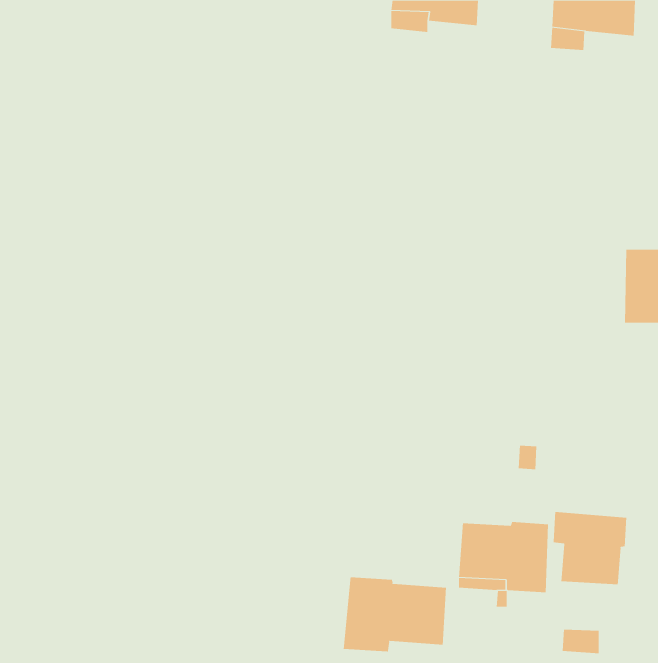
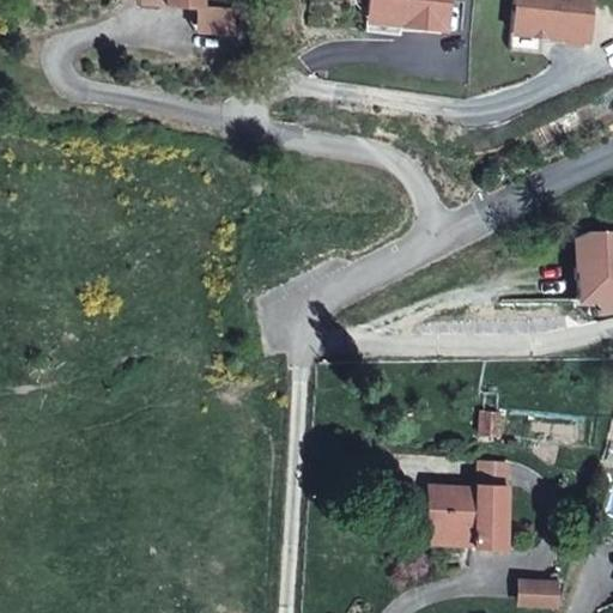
building: [553,511,627,585] -> none
building: [343,576,447,652] -> none

